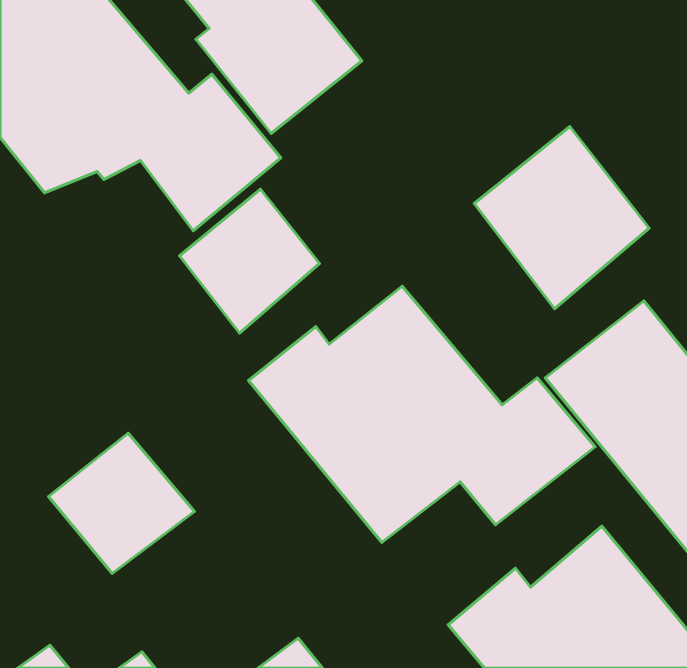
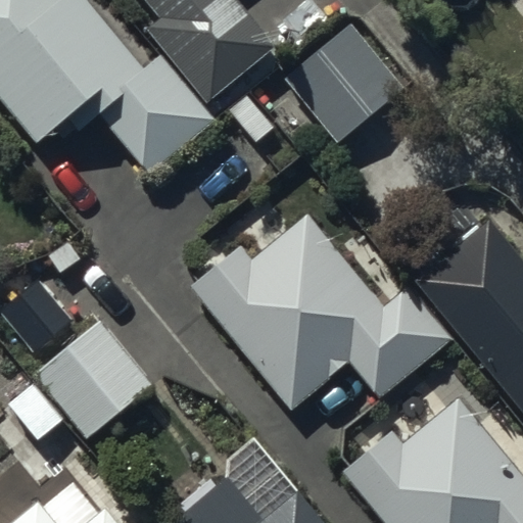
building: none -> [288,11,402,125]
building: [474,127,649,309] -> none
building: [180,189,320,333] -> none

